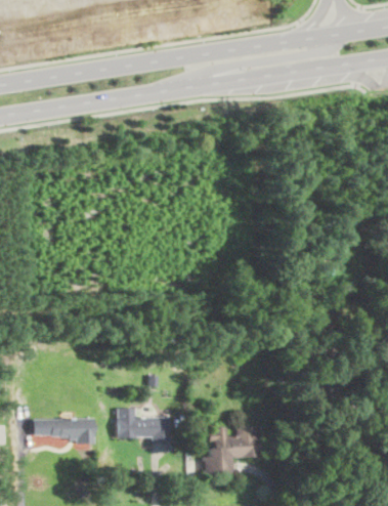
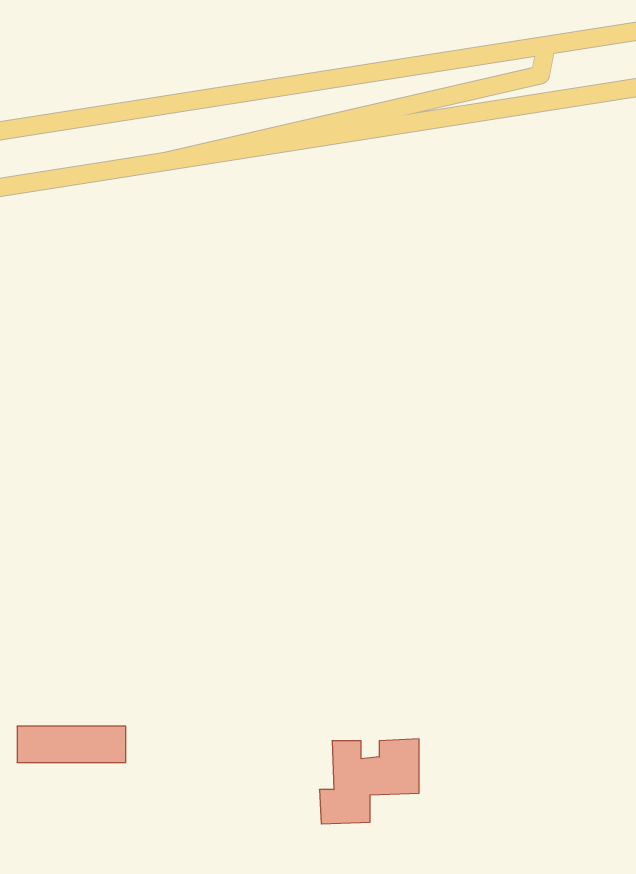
building: [118,409,171,441] -> none

